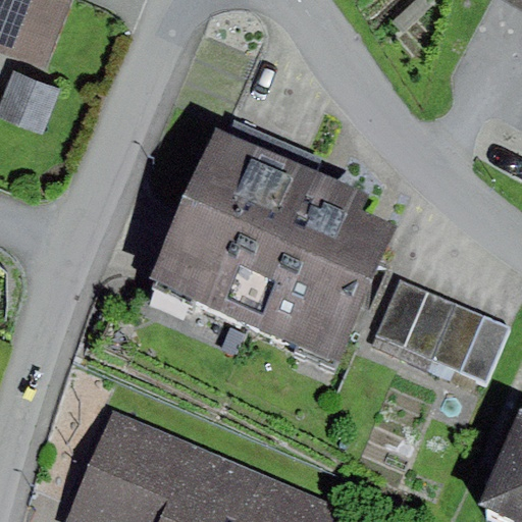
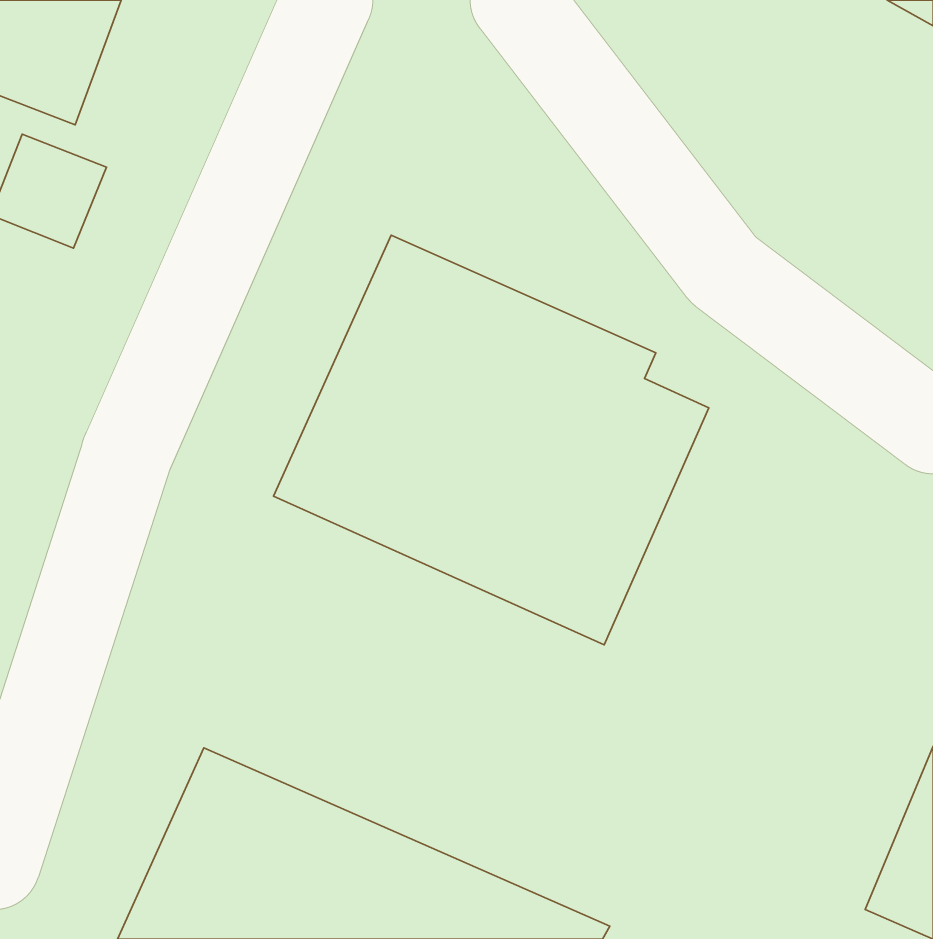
building: [373,280,510,385] -> none

